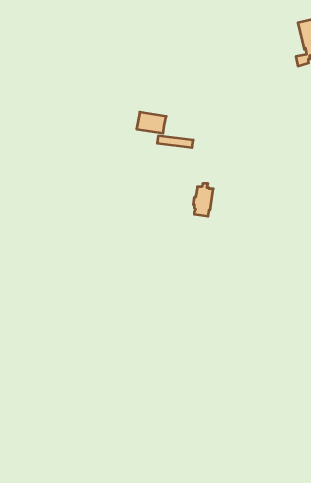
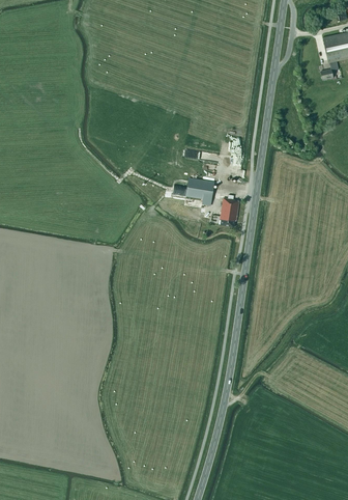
building: [137,112,166,133] -> [184,178,213,199]

